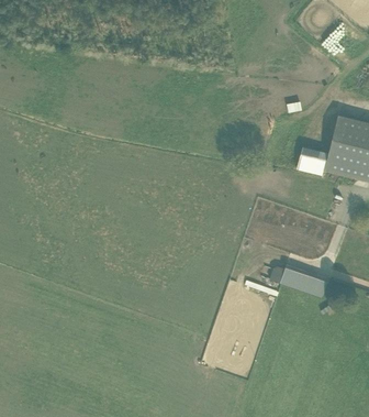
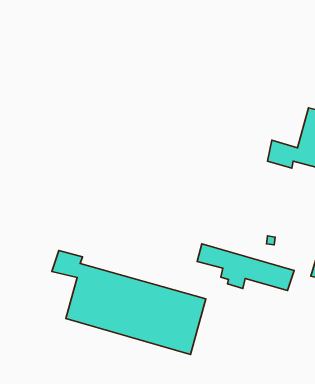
building: none -> [52,251,206,355]

